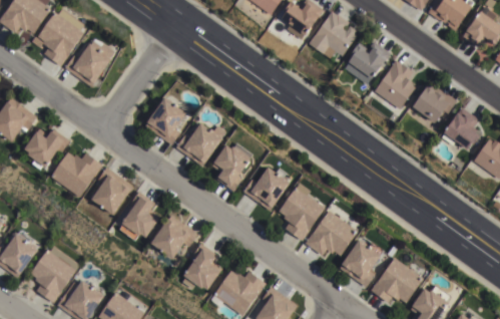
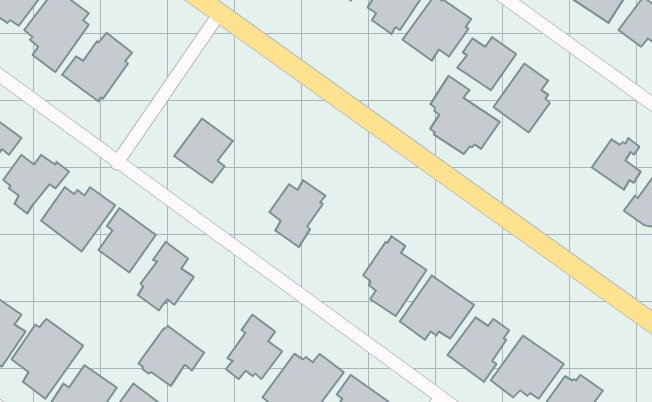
building: none -> [430,76,500,154]
building: [413,88,457,125] -> none
building: [176,125,226,168] -> none
building: [244,170,292,212] -> none
building: [150,213,197,256] -> [138,326,204,386]

